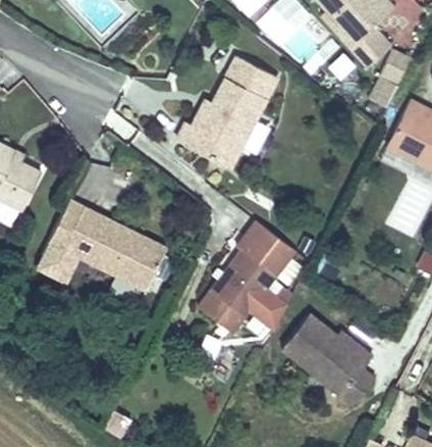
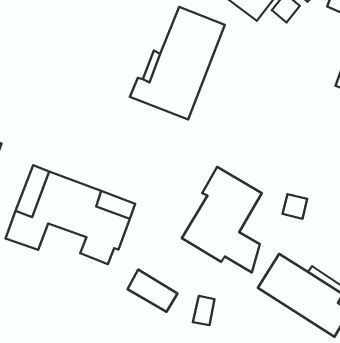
building: [199,288,249,334] -> [127,270,178,312]

